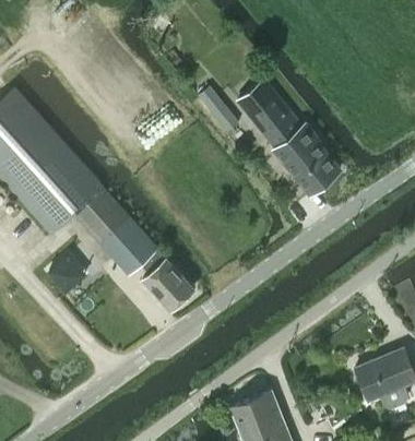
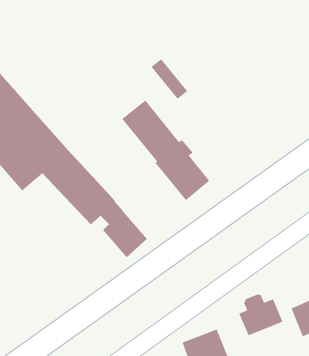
building: [238,81,339,195] -> [121,100,210,201]
building: none -> [238,294,284,336]

